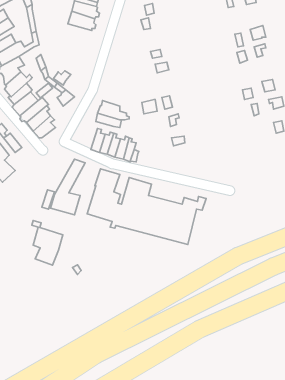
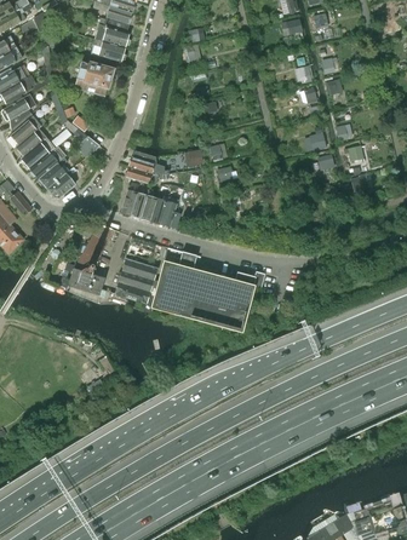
building: none -> [74,61,113,94]
building: [32,220,63,265] -> none

